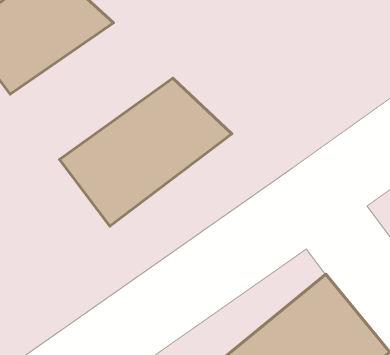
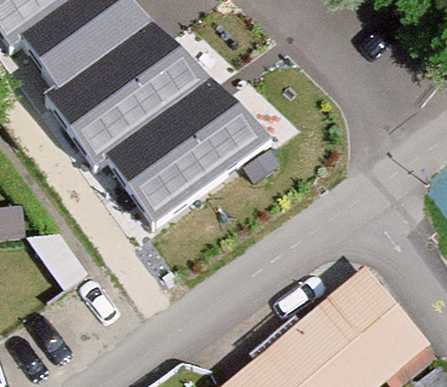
building: none -> [56,24,215,158]

